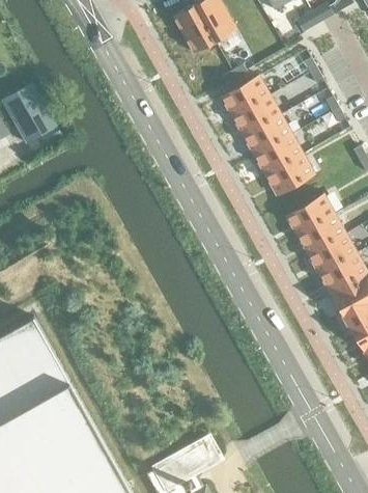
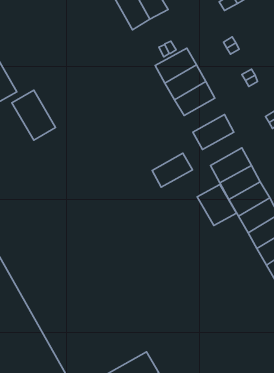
building: none -> [12,90,56,140]
building: [255,135,303,175] -> [152,153,193,187]
building: none -> [197,184,237,226]

